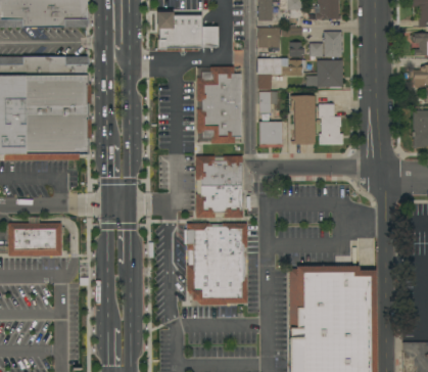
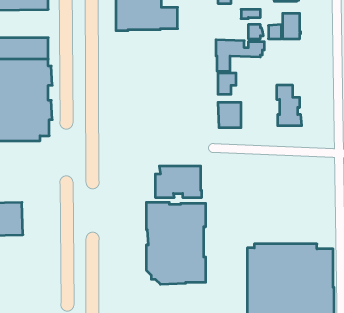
building: [258,29,281,48] -> none
building: [306,60,343,89] -> none
building: [197,67,242,144] -> none
building: [290,96,316,144] -> none
building: [196,156,243,186] -> none

